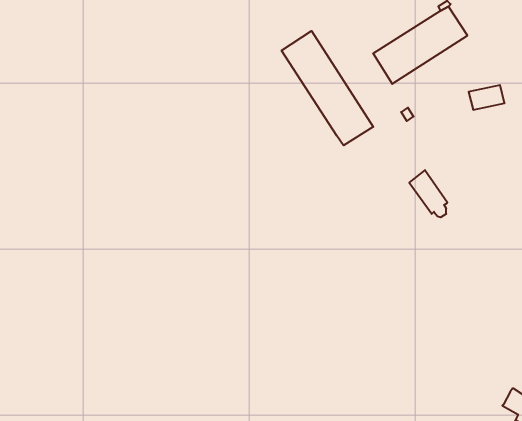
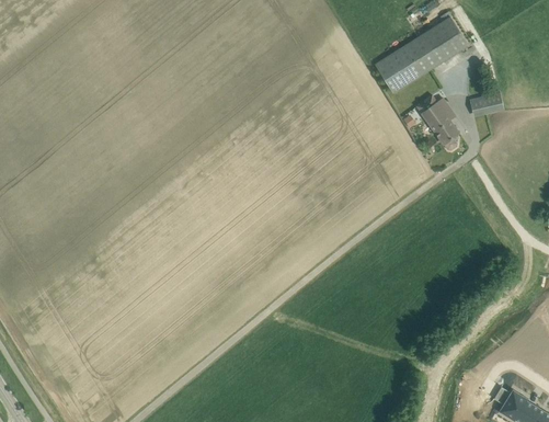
building: [282,31,373,145] -> none
building: [409,170,447,217] -> [422,102,459,148]

